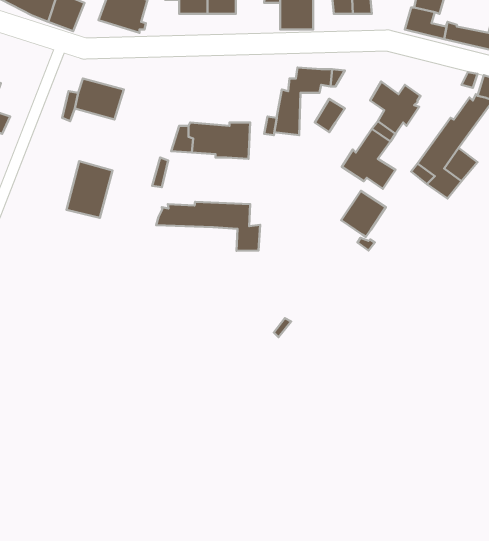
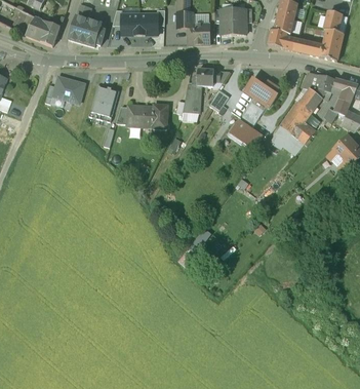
building: [67,161,112,218] -> [89,84,119,121]
building: [341,191,386,237] -> none
building: [156,202,260,251] -> none

